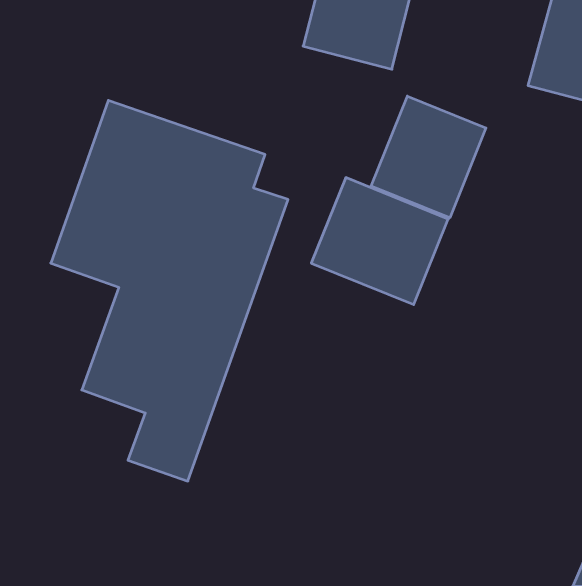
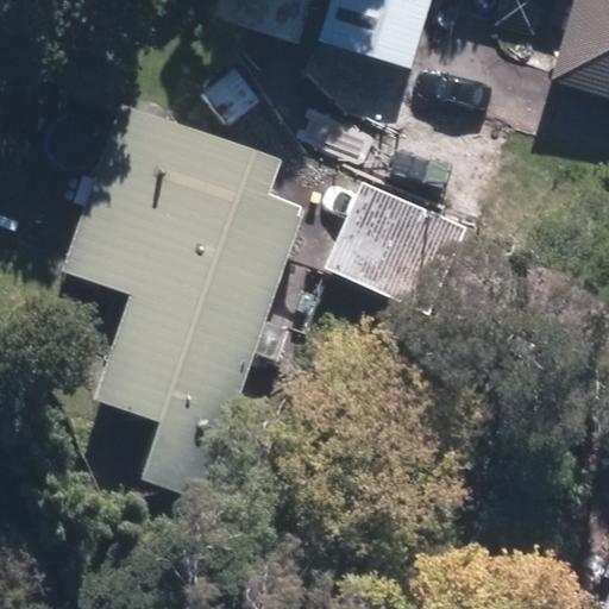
building: [371,96,486,218] -> none

